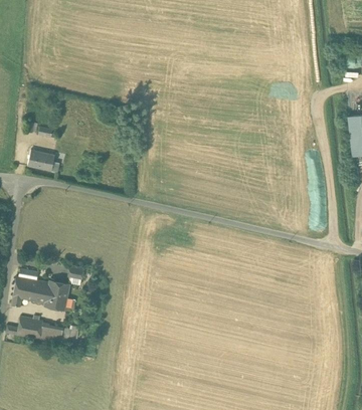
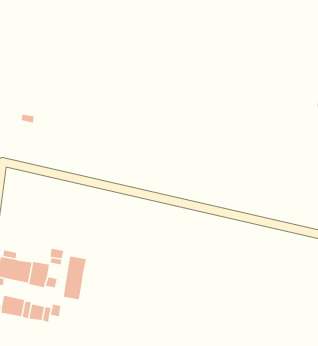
building: [27,151,59,173] -> none
building: none -> [63,255,87,300]

